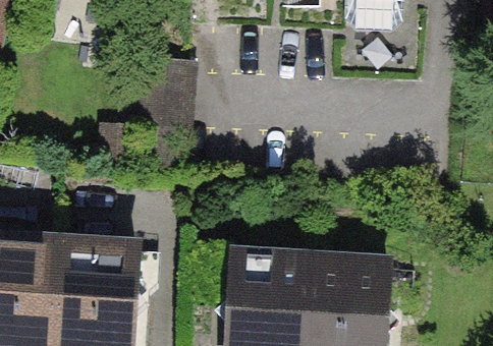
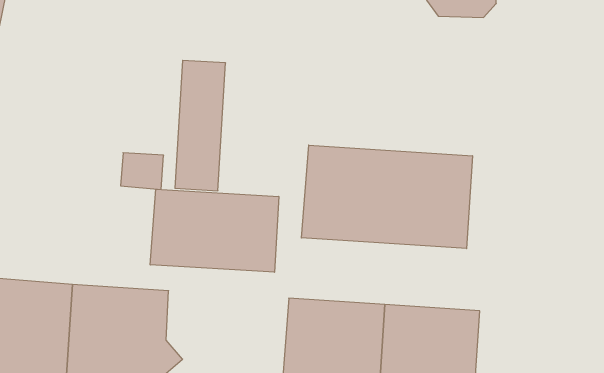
building: none -> [301,145,472,249]
building: none -> [150,189,279,272]

